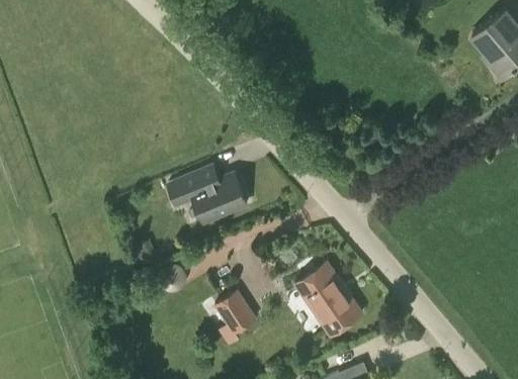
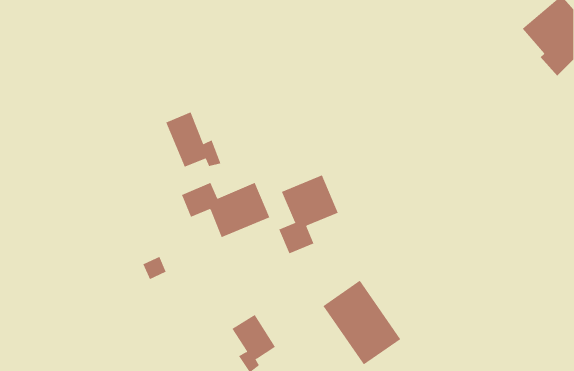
building: none -> [165,111,221,167]
building: none -> [279,174,338,254]

